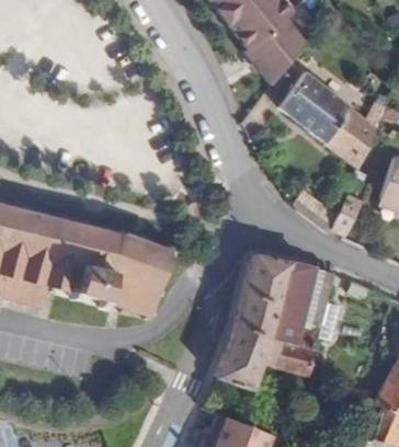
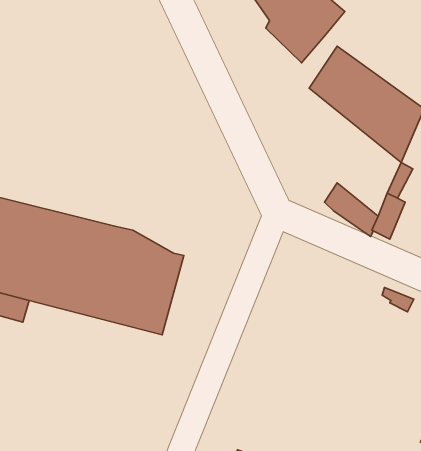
building: [213,255,330,390] -> none

